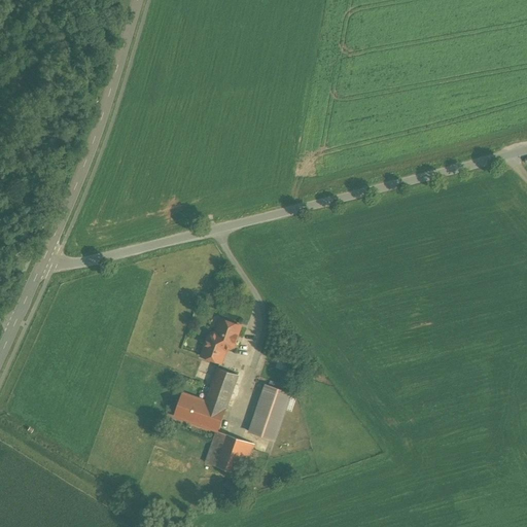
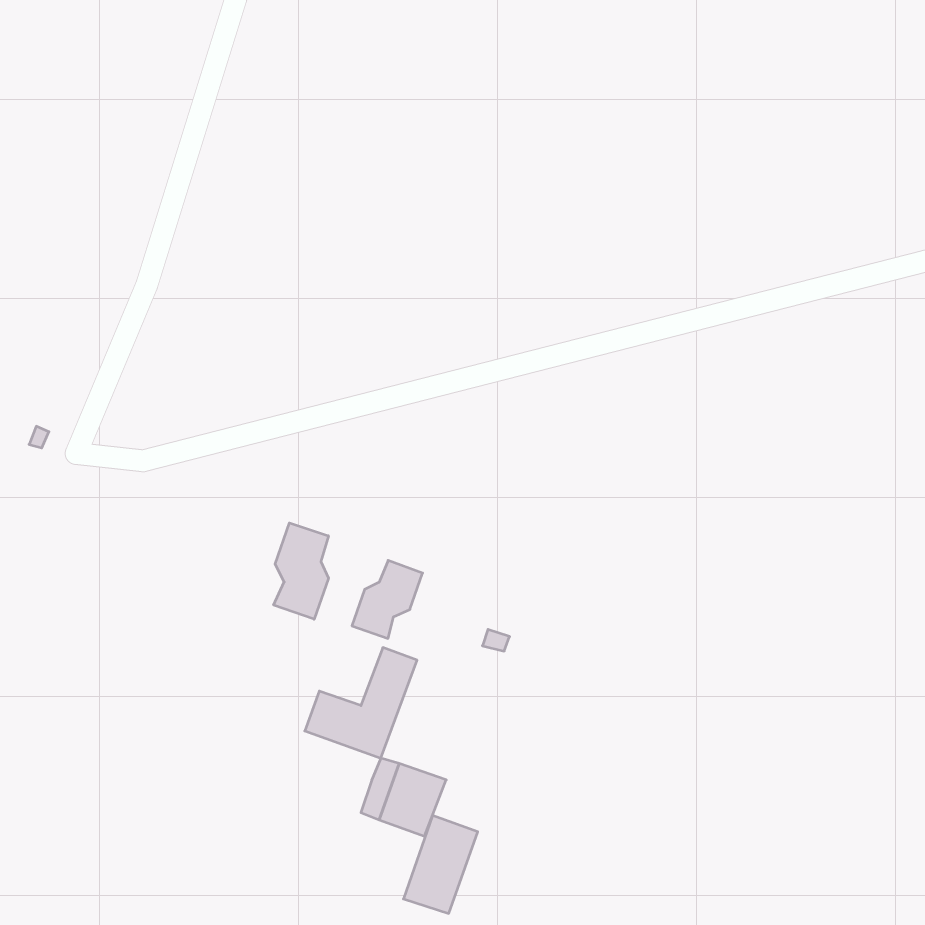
building: none -> [274,523,328,619]
building: [248,384,290,440] -> [403,815,478,913]

